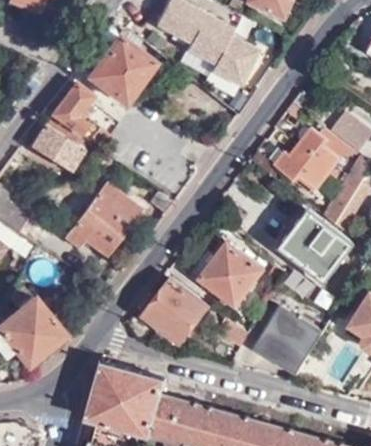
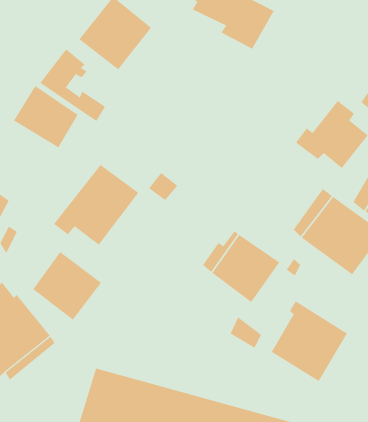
building: none -> [32,251,102,320]
building: [146,283,208,345] -> none

